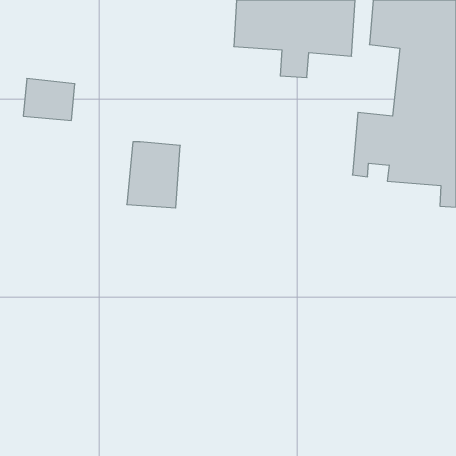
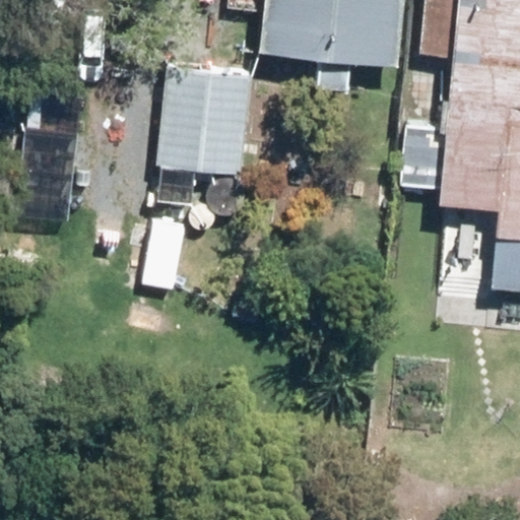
building: none -> [159,69,252,170]

